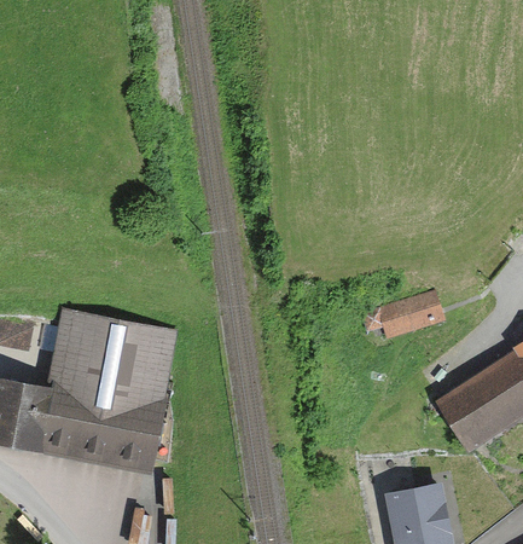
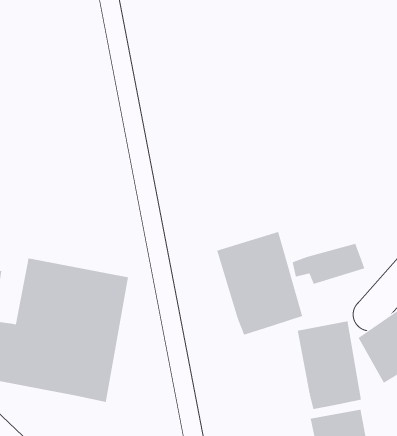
building: none -> [216,231,303,336]
building: none -> [297,320,361,410]

